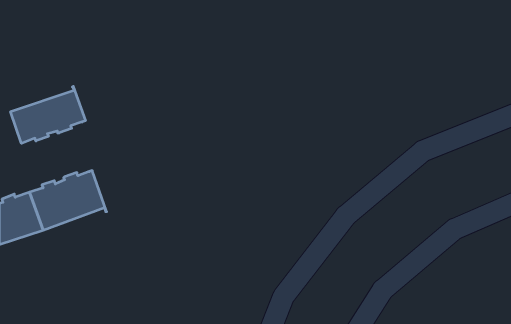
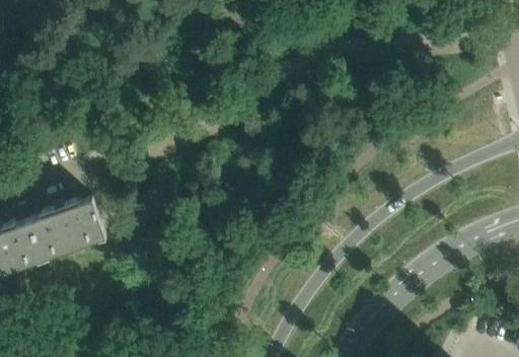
building: [11,86,85,143] -> none

